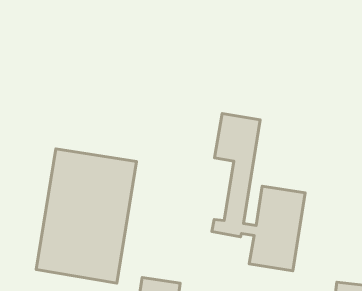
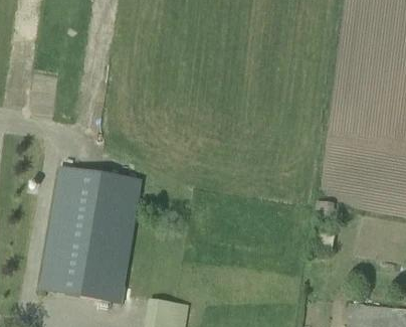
building: [212,114,305,271] -> none

